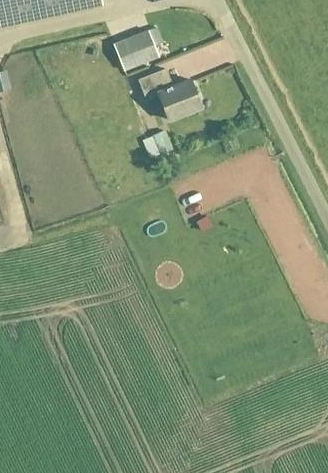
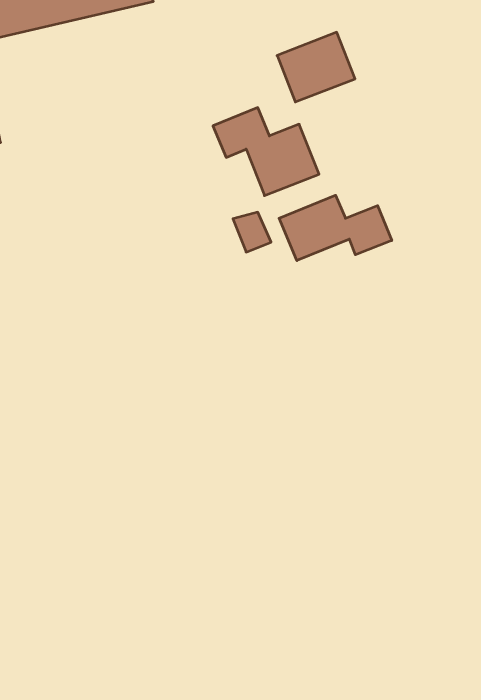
building: [113,28,160,70] -> [277,32,355,102]
building: none -> [279,195,392,261]

